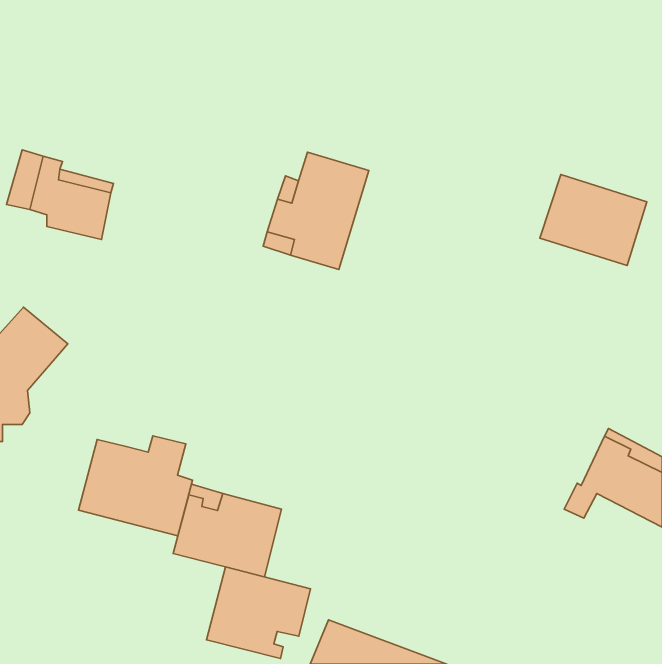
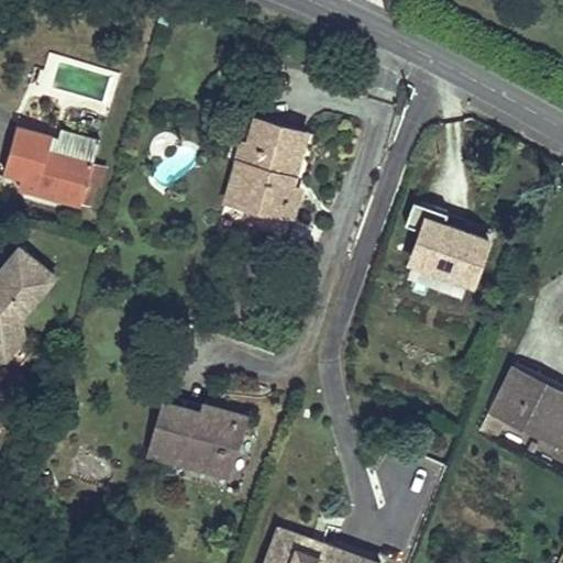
building: [540,174,647,266] -> [397,206,487,283]
building: [79,436,193,536] -> none
building: [207,567,310,659] -> none

